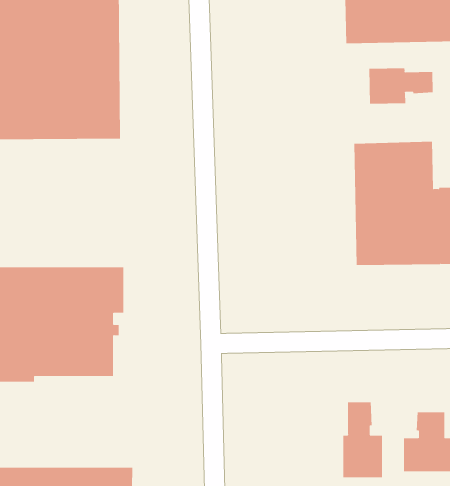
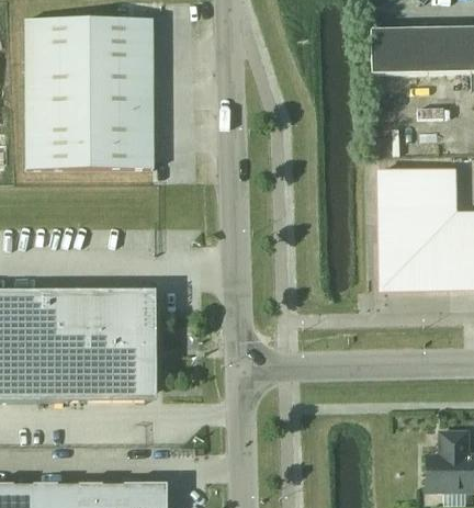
building: [369,67,433,105] -> none
building: [343,401,383,478] -> none

